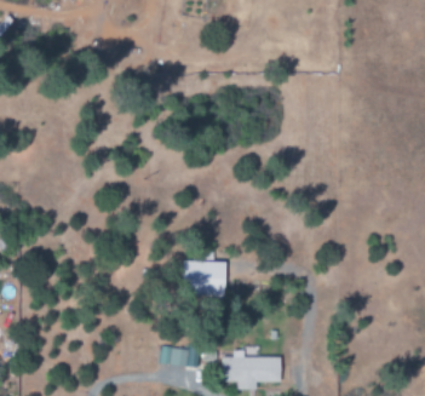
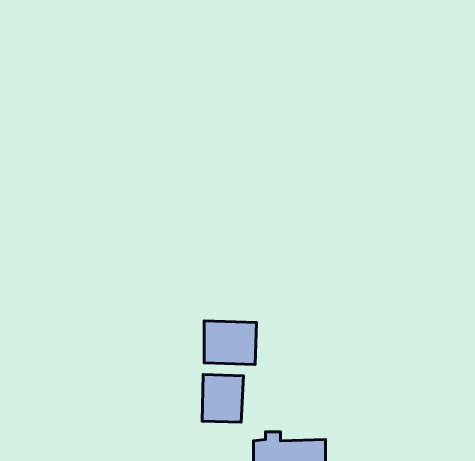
building: none -> [202,375,243,422]

